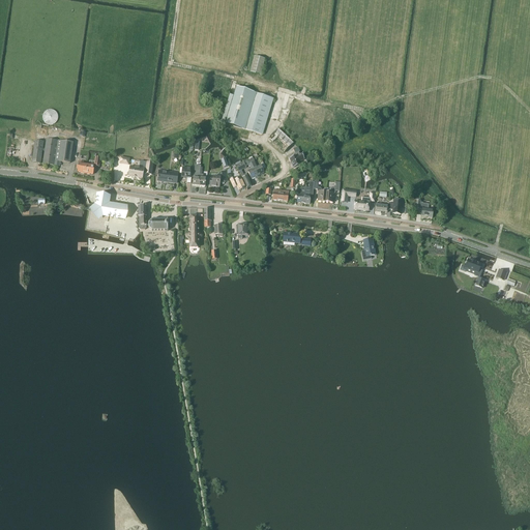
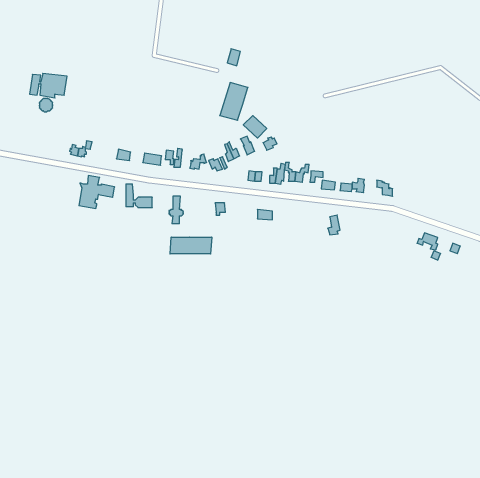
building: [226,85,254,127] -> none
building: [32,138,73,165] -> [30,73,67,98]
building: none -> [170,237,212,254]

